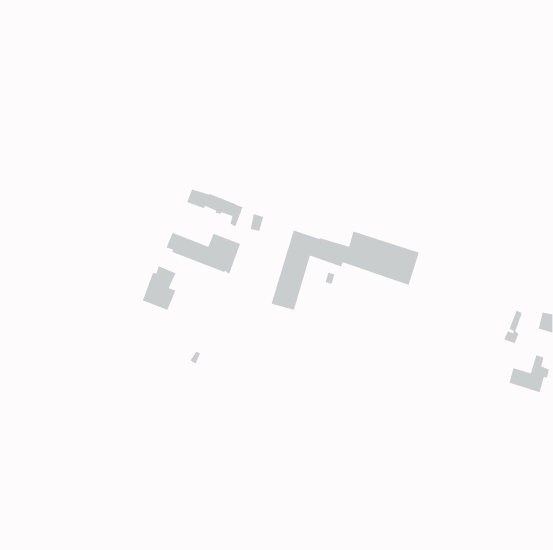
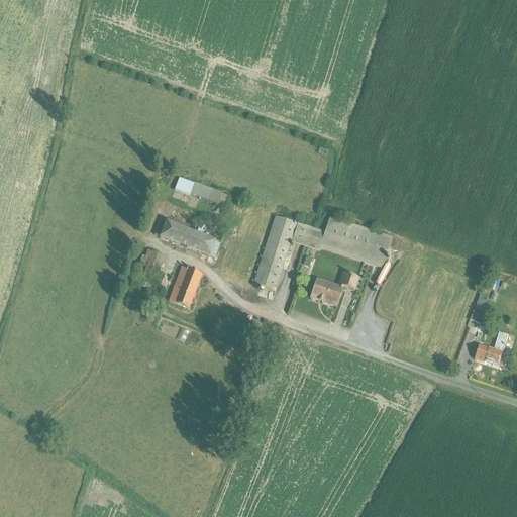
building: none -> [169,265,202,307]
building: none -> [310,270,359,305]

